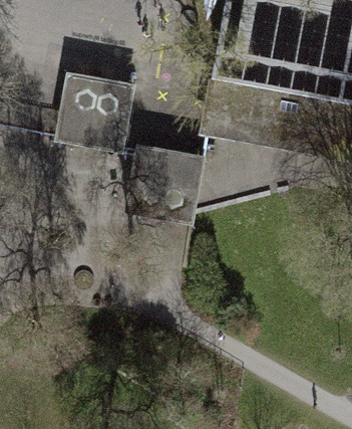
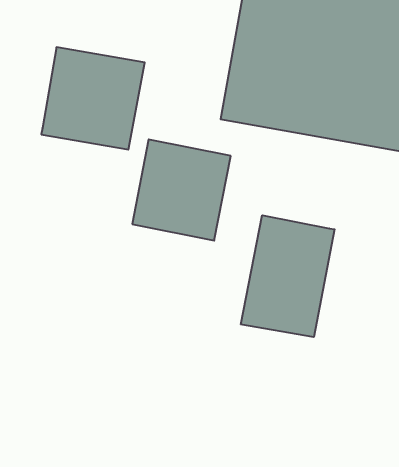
building: none -> [241,215,335,337]

